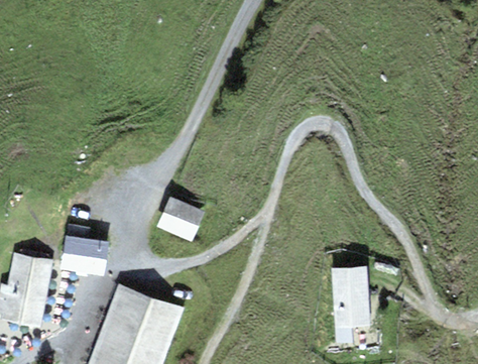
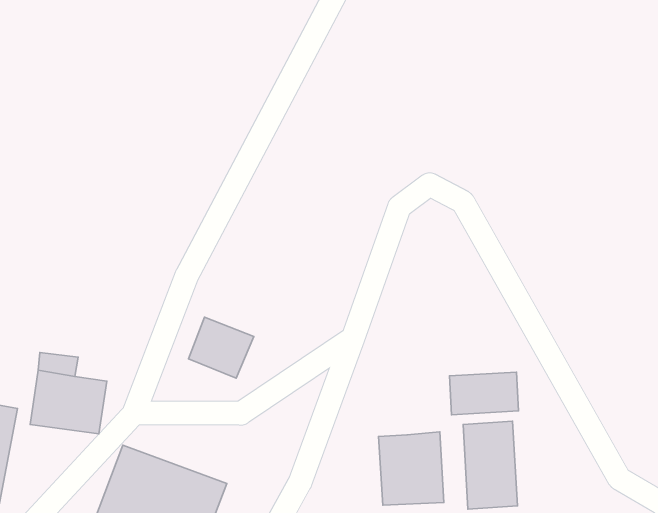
building: none -> [450,372,519,415]
building: none -> [379,432,444,505]

